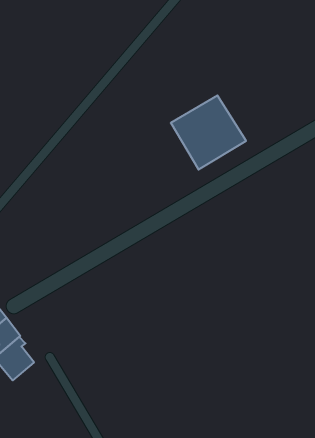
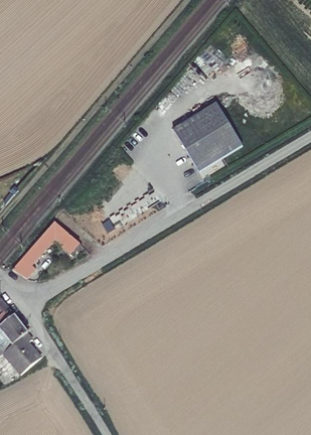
building: none -> [13,221,80,279]

